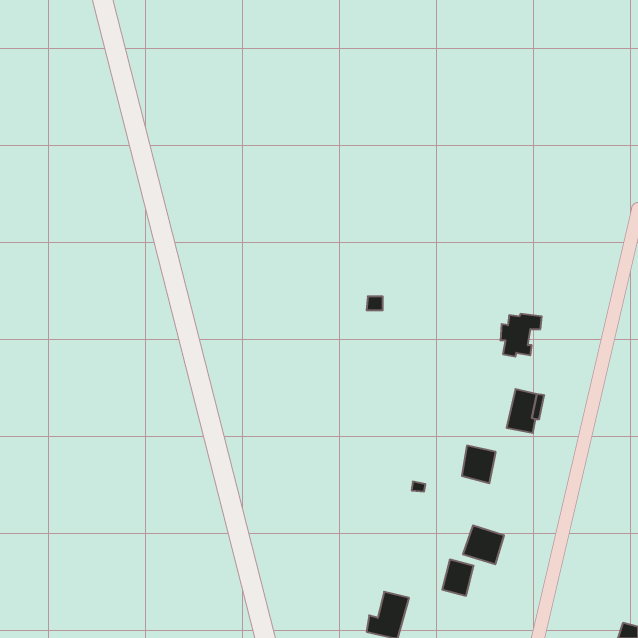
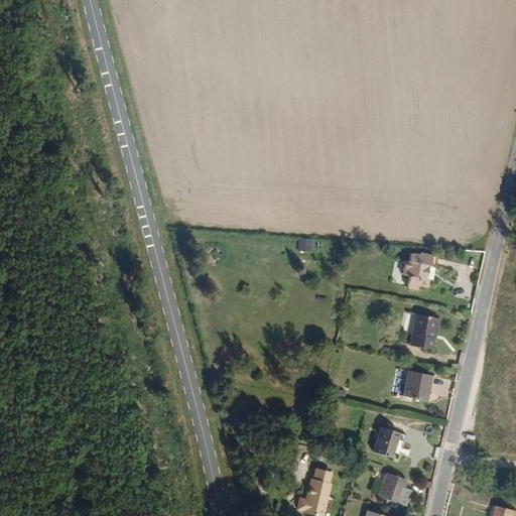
building: [462,446,496,483] -> [404,370,431,400]
building: [442,560,474,596] -> [379,473,404,502]

